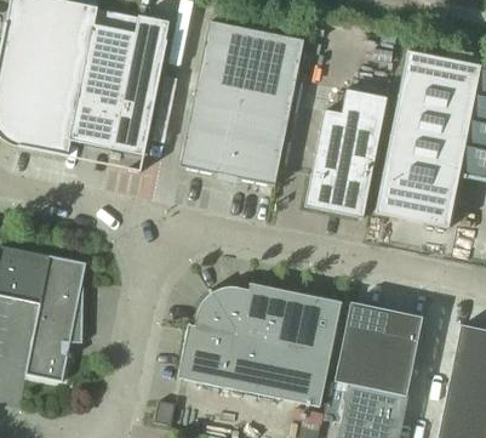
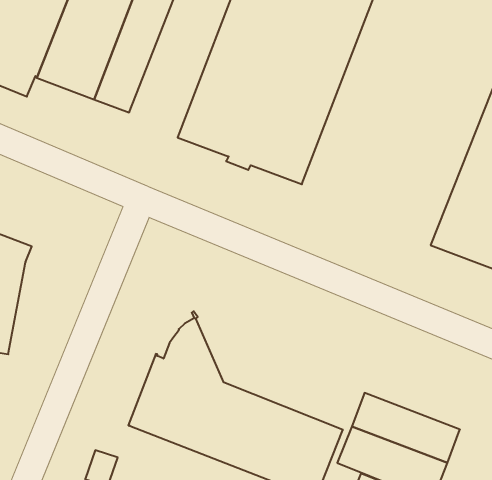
building: [308,90,389,218] -> none
building: [215,284,344,355] -> none
building: [344,301,422,341] -> none

